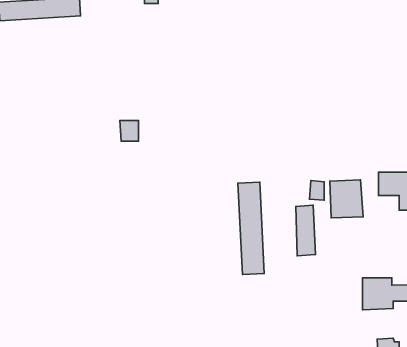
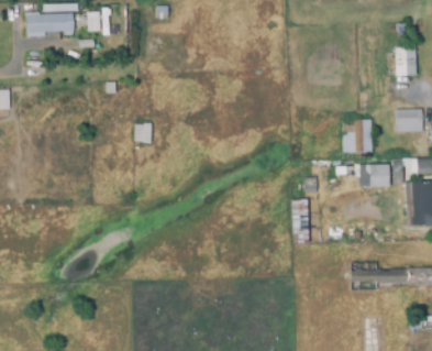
building: [330,180,363,218] -> [342,119,372,153]
building: [238,182,264,274] -> none

